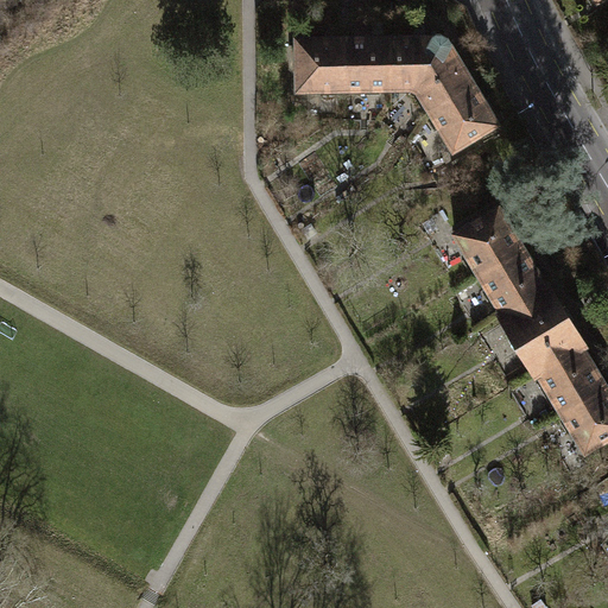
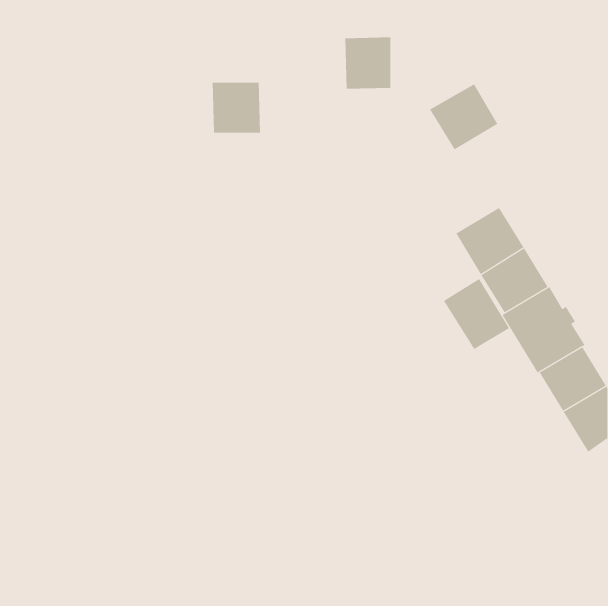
building: [390,36,473,112] -> none
building: [296,40,344,91] -> [212,82,261,133]
building: none -> [443,278,510,350]

